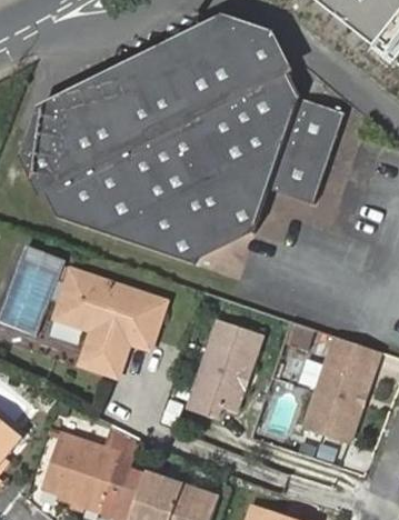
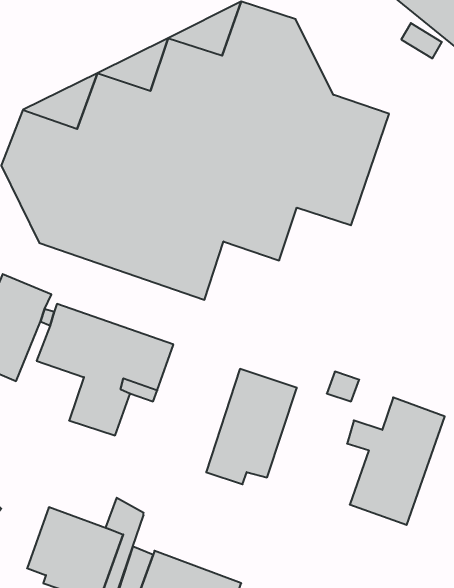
building: [188,216,249,263] -> none

